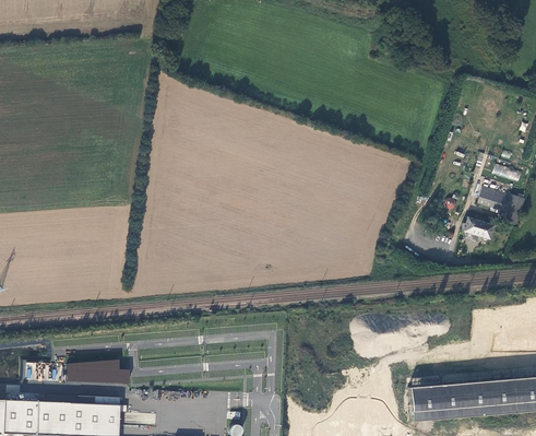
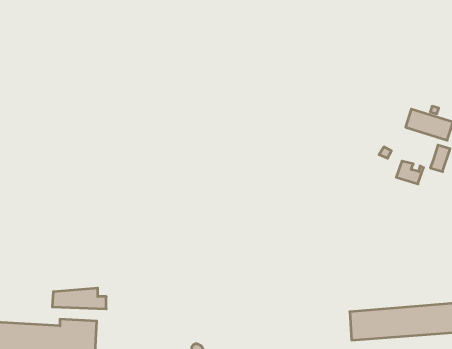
building: [477,186,510,212] -> none

